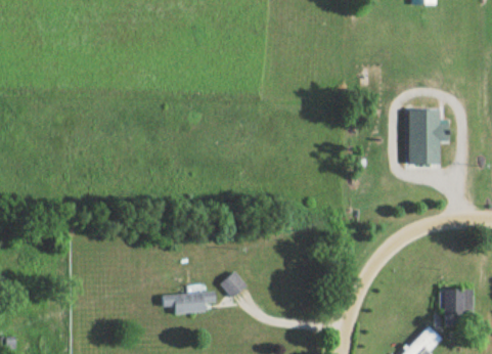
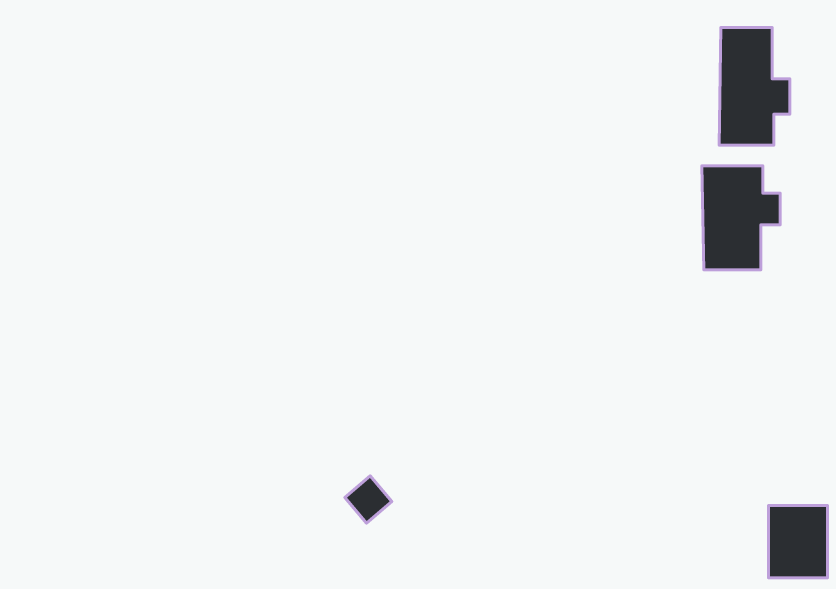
building: none -> [719,28,790,145]
building: [163,291,216,313] -> none

